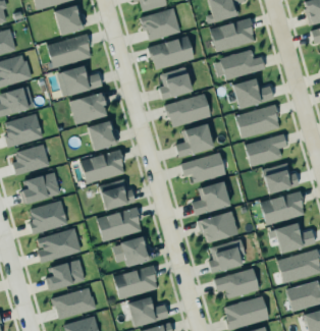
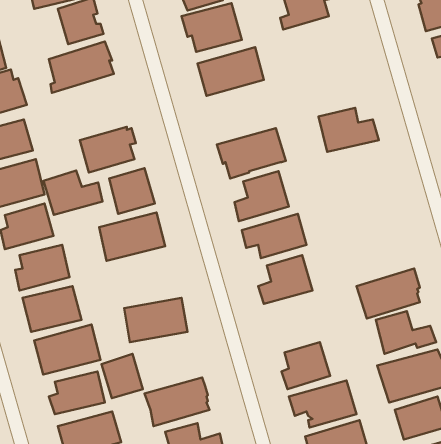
building: [207,14,257,53] -> none
building: [214,51,265,79] -> none
building: [59,64,100,95] -> [44,171,103,215]
building: [157,66,191,99] -> none
building: [235,105,281,139] -> none
building: [245,134,287,167] -> none
building: [263,164,300,195] -> none
building: [98,178,134,209] -> none
building: [196,210,237,242] -> none
building: [119,235,148,266] -> [102,354,143,398]

